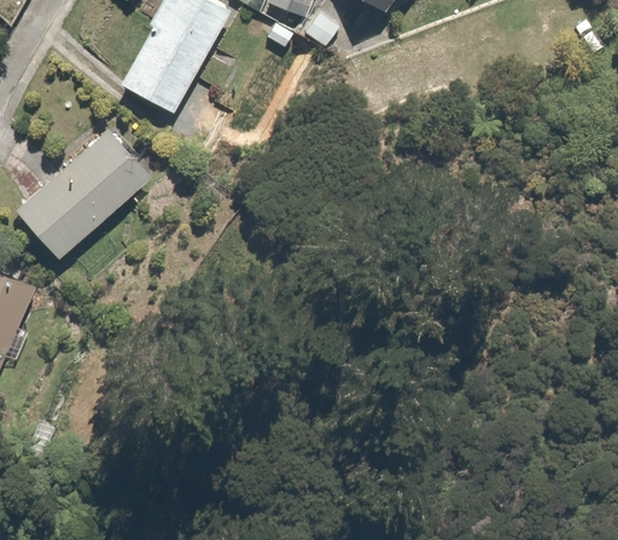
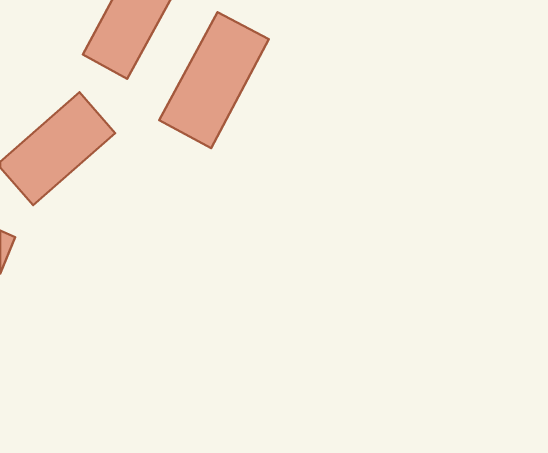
building: none -> [159,12,269,148]

